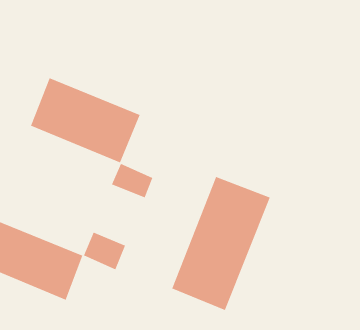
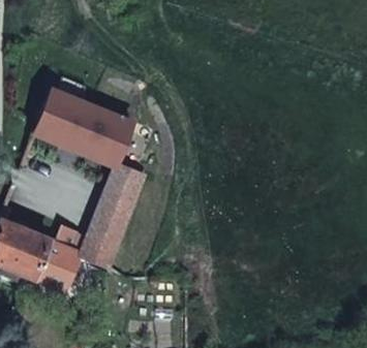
building: [171,176,271,311] -> none
building: none -> [90,186,137,242]

